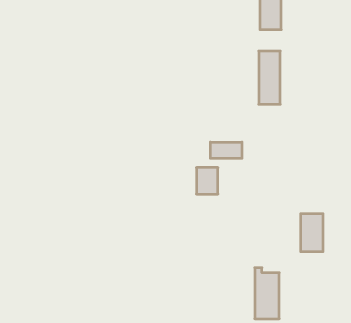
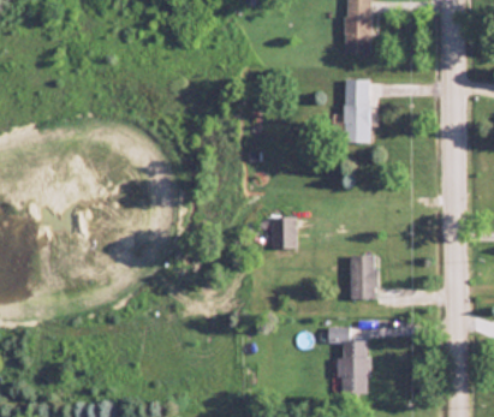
building: [210,142,242,158] -> none
building: [301,214,323,252] -> [351,254,377,298]

